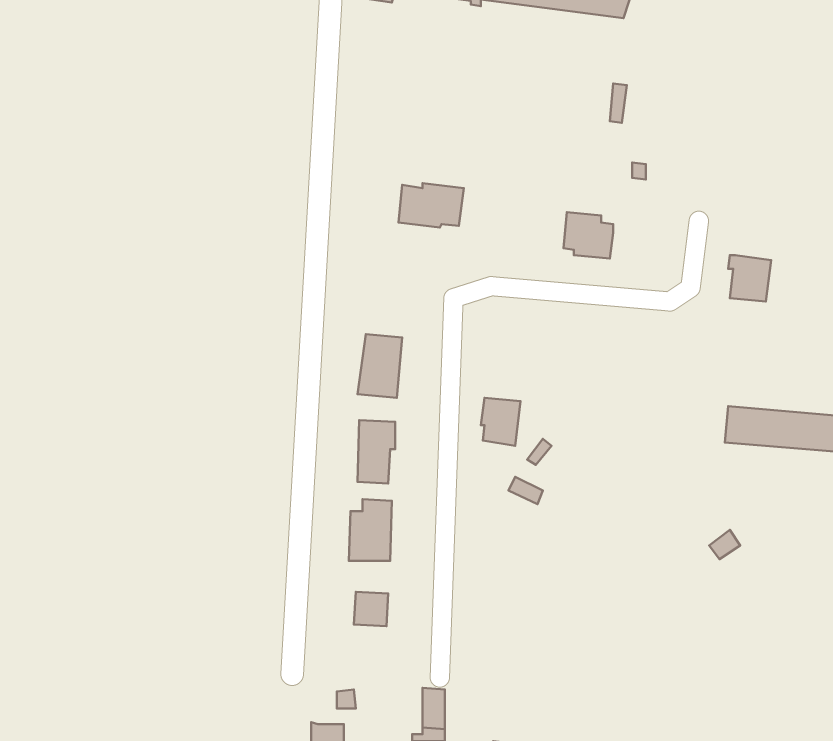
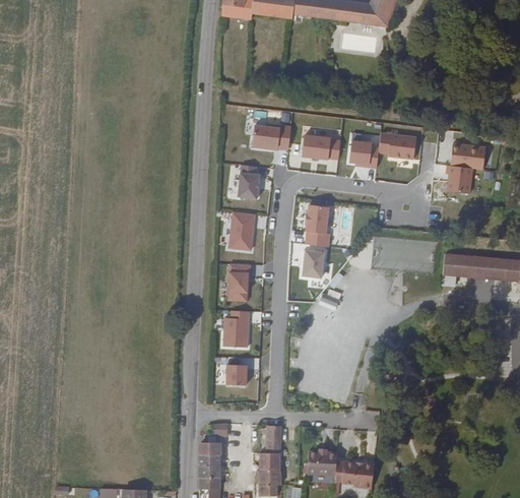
building: none -> [379,132,416,159]
building: none -> [302,134,340,162]
building: none -> [451,143,486,170]
building: none -> [237,164,259,198]
building: none -> [305,205,329,247]

